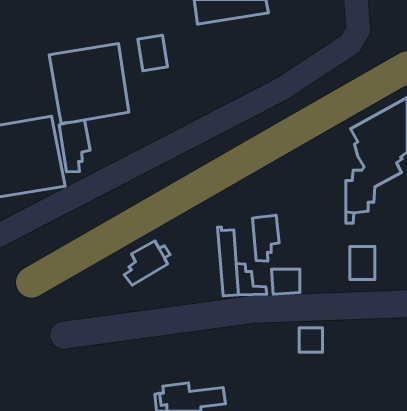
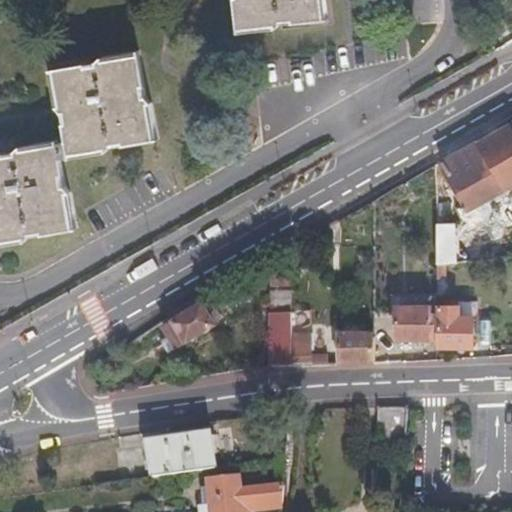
building: [138,35,167,71] -> none
building: [59,120,90,172] -> none
building: [253,215,279,261] -> none
building: none -> [391,307,429,338]
building: none -> [140,435,207,473]

